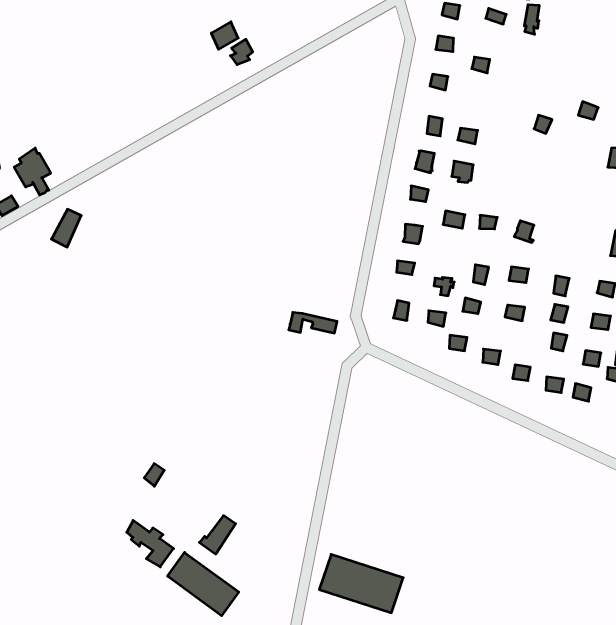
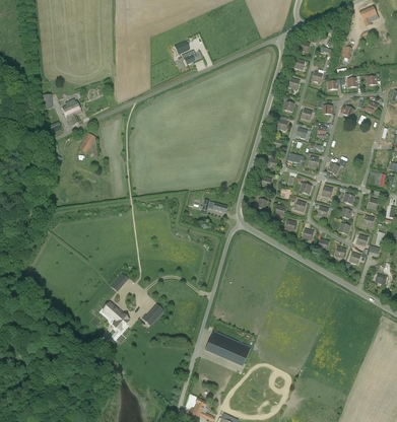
building: [168,552,239,616] -> none

